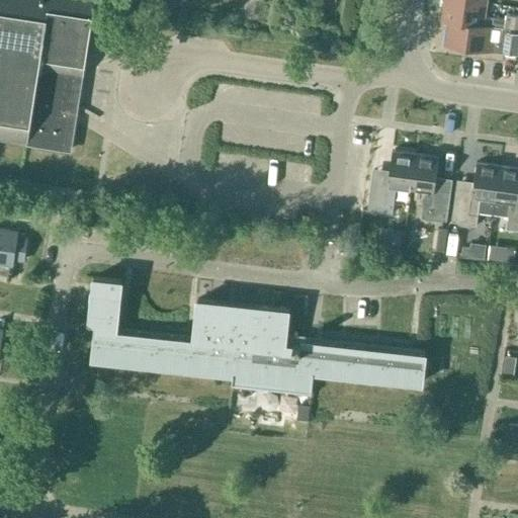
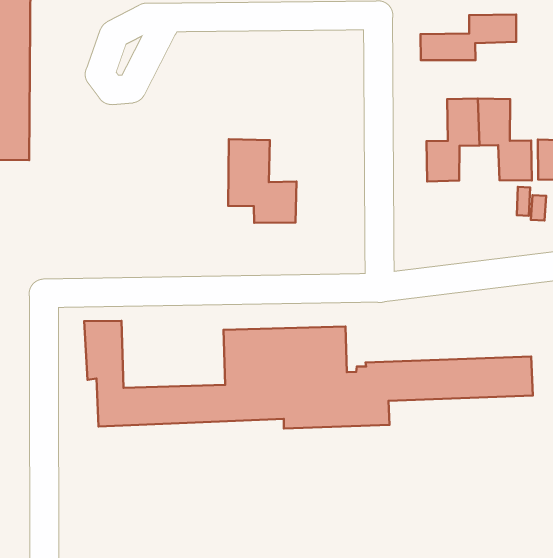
building: none -> [421,15,516,60]
building: none -> [228,139,296,223]

